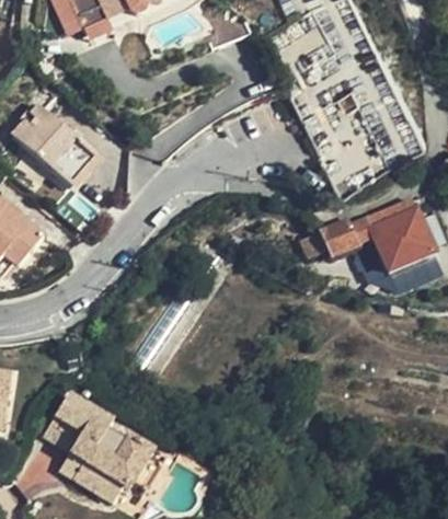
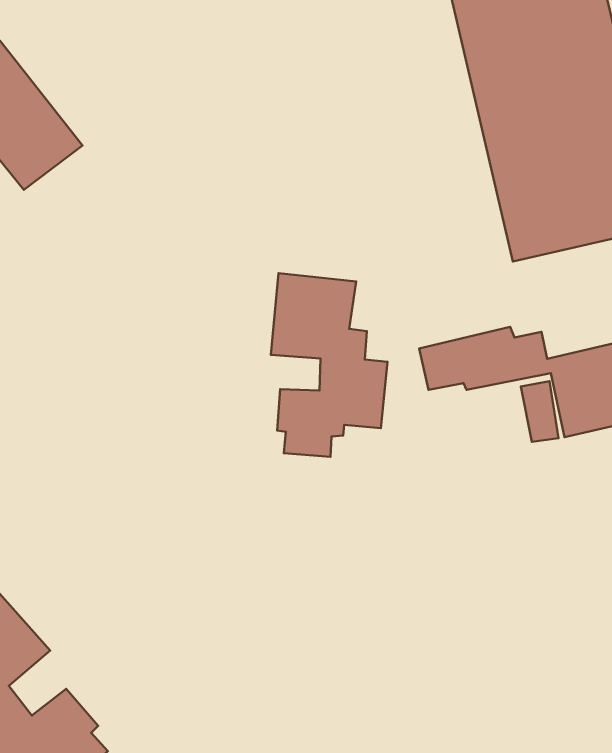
building: none -> [271,273,388,457]

